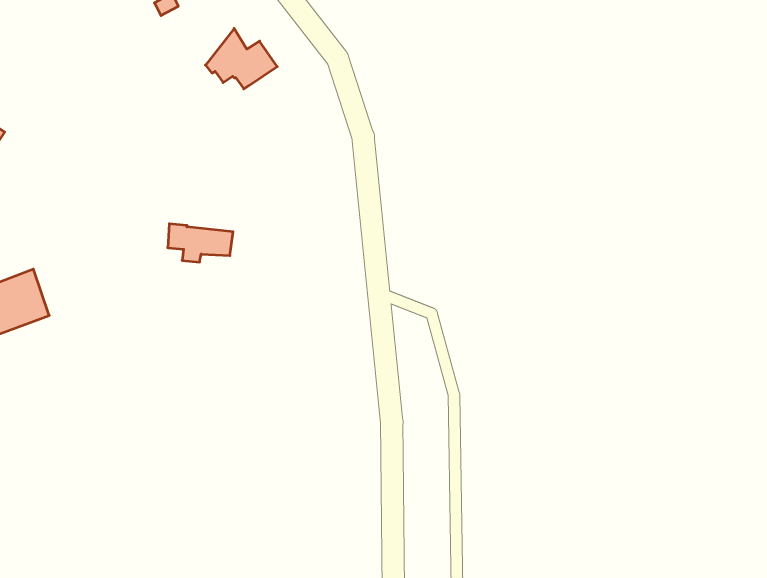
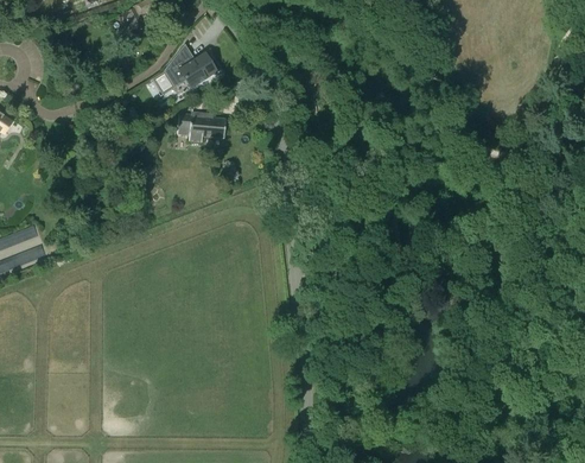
building: [168,224,233,262] -> [177,113,225,141]

